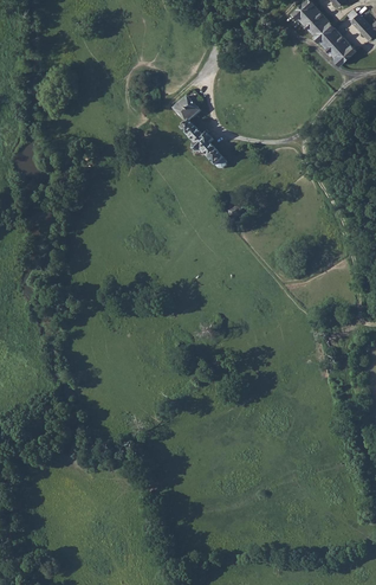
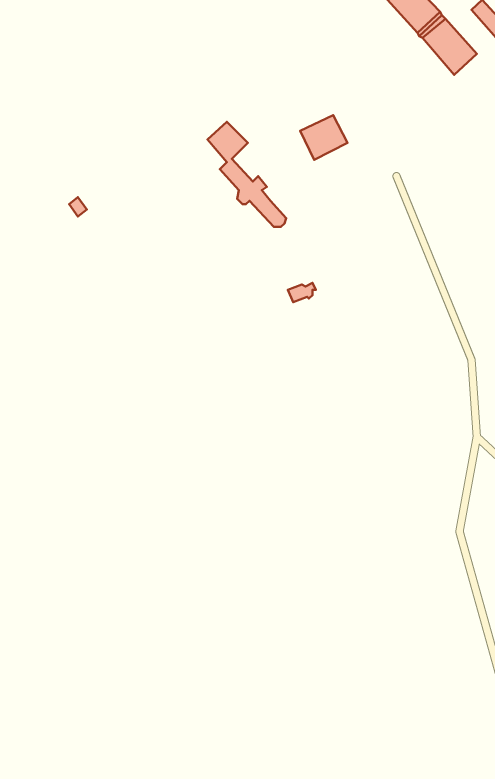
building: none -> [300,115,348,160]

